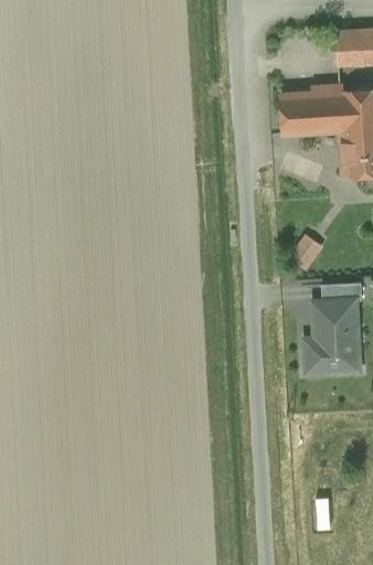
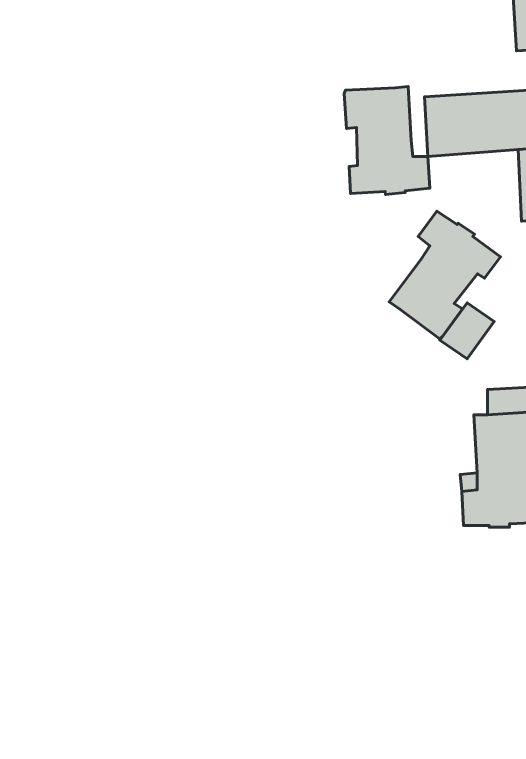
building: none -> [344,86,430,195]
building: none -> [389,211,500,339]

